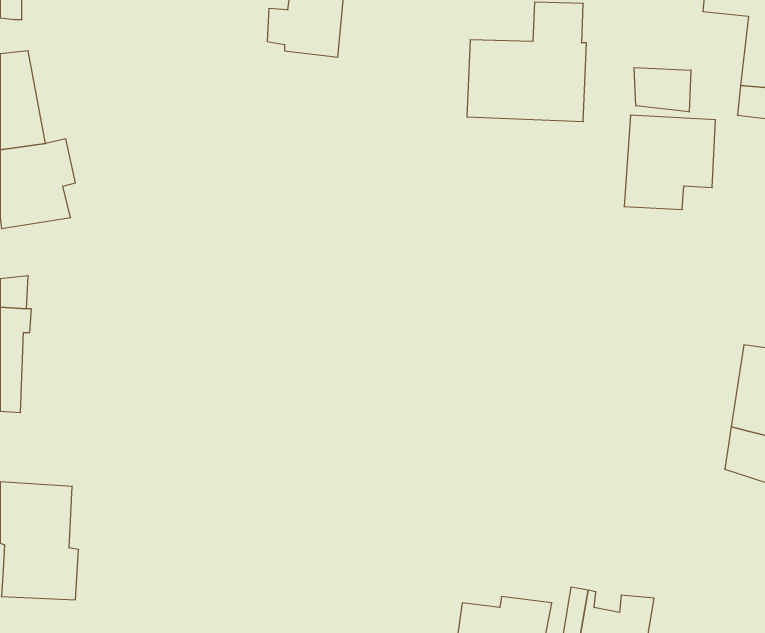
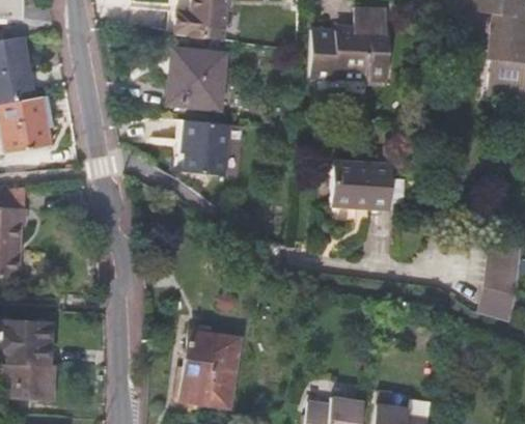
building: [634,68,691,112] -> none
building: none -> [169,50,225,109]
building: [624,115,715,210] -> [331,160,391,222]
building: none -> [185,121,229,177]
building: none -> [182,331,241,407]

